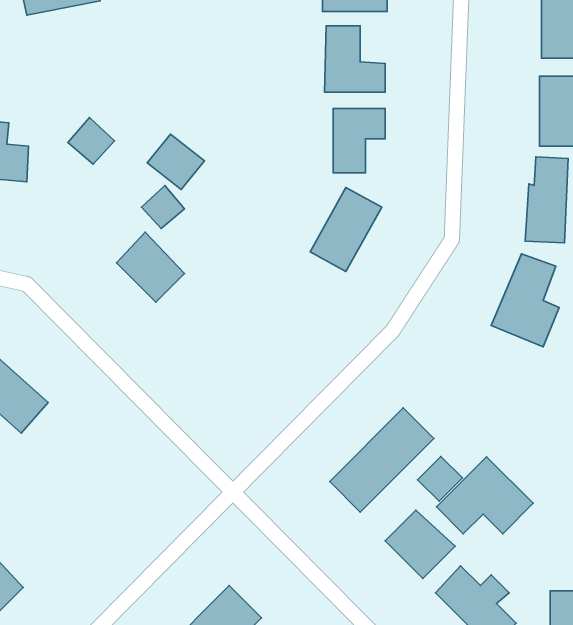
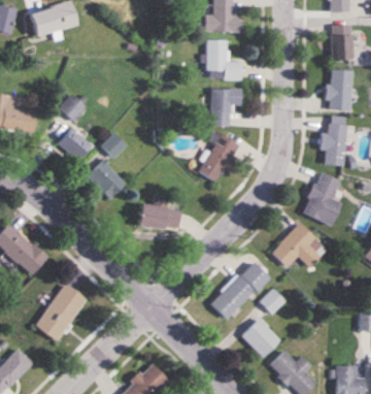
building: [147,134,204,190] -> [58,129,91,161]
building: none -> [139,205,180,229]
building: none -> [36,284,85,342]
building: [436,457,533,534] -> [271,224,327,268]

